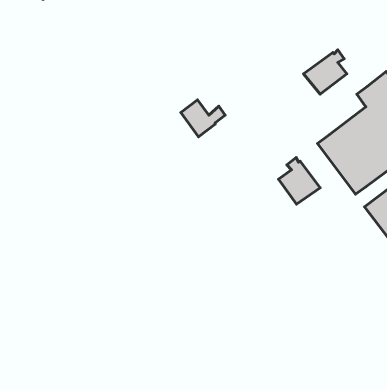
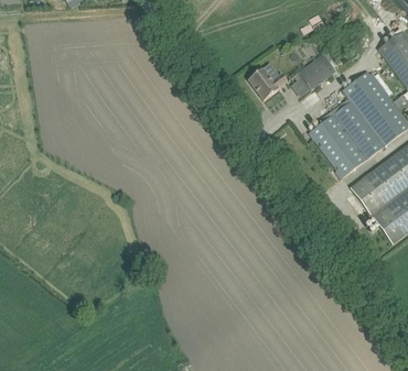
building: [181,100,225,137] -> [248,67,287,99]
building: [278,158,320,204] -> none

